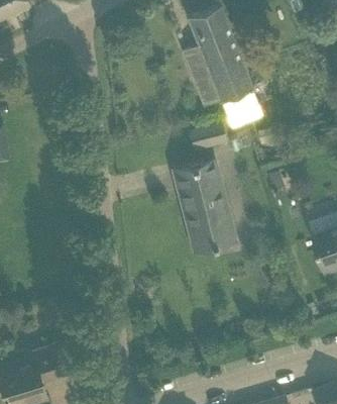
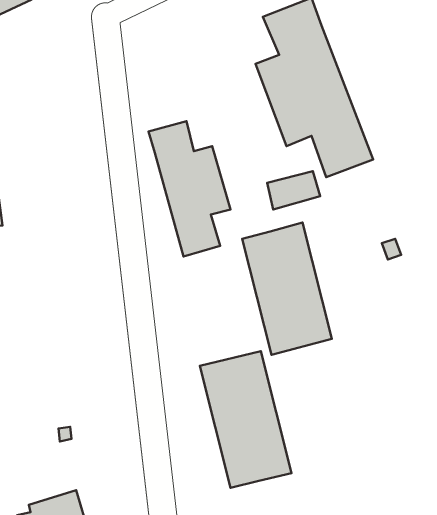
building: none -> [148,121,231,256]
building: none -> [200,351,292,488]

